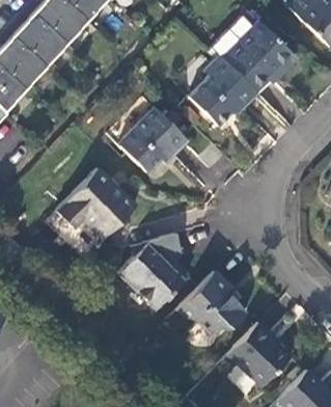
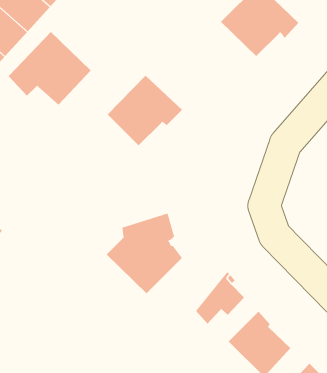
building: [190,53,259,125] -> none
building: [57,167,134,236] -> [8,31,91,106]
building: [176,270,230,322] -> none

